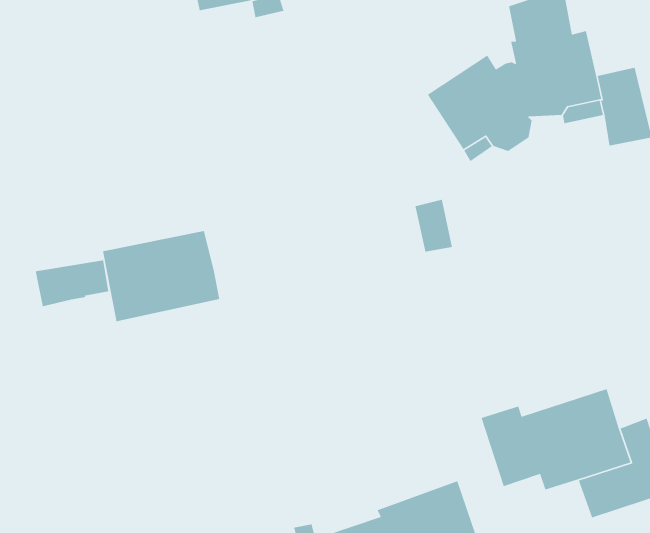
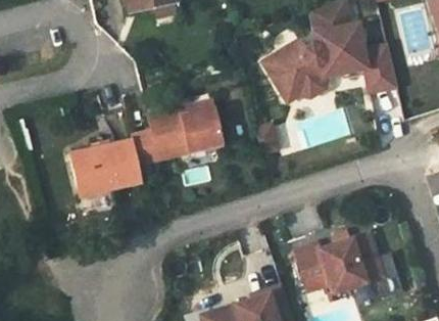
building: none -> [132,106,224,166]
building: [35,259,109,307] -> none

